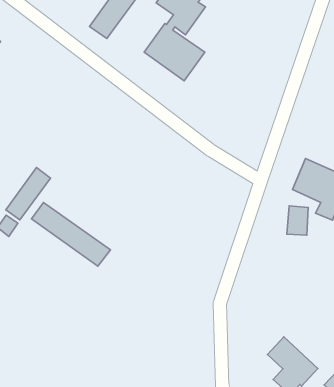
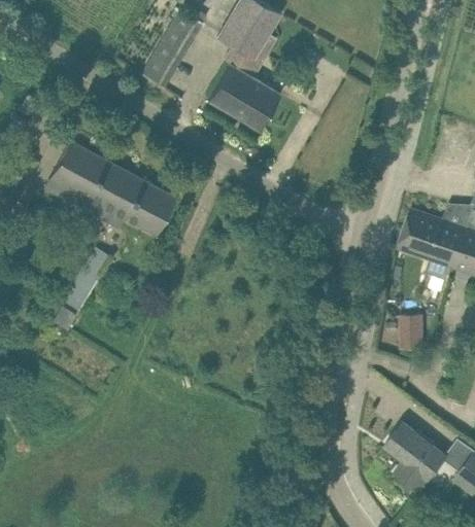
building: none -> [48,141,174,235]
building: [32,203,111,266] -> none
building: [287,206,308,235] -> [398,314,421,348]

